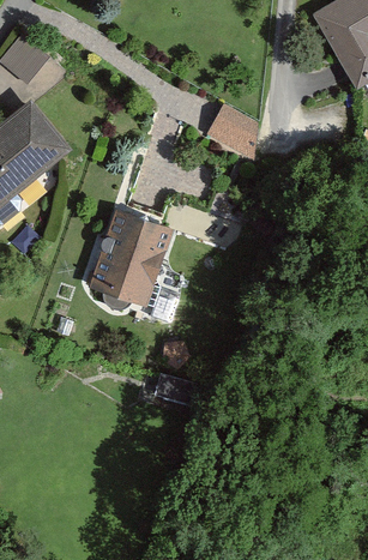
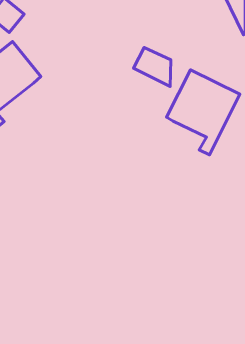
building: none -> [167,70,240,155]
building: [98,209,169,300] -> none

